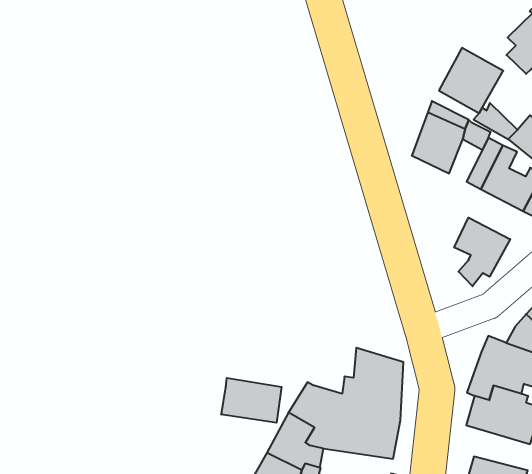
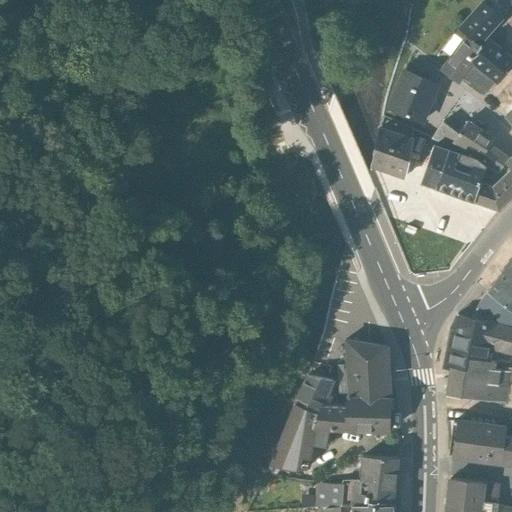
building: [454,218,510,286] -> none
building: [221,378,282,423] -> none

